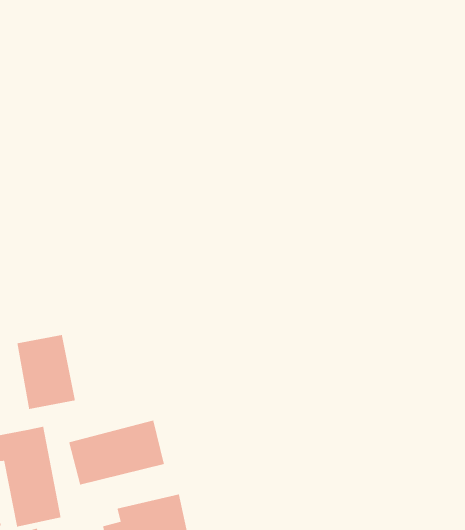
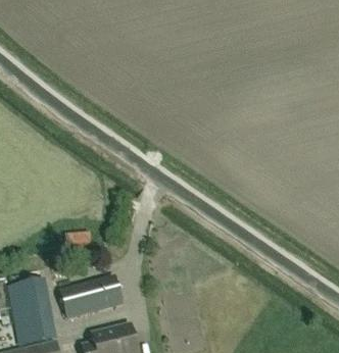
building: [17,334,76,410] -> none

